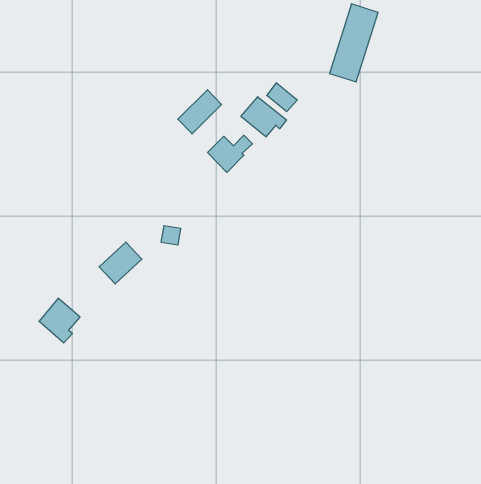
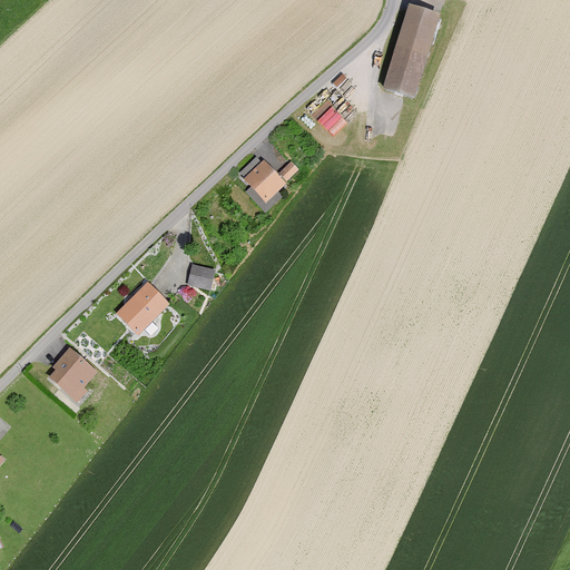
building: [178,90,222,134] -> none
building: [241,97,287,137] -> none

